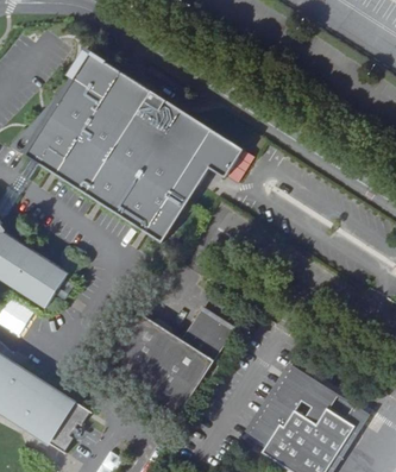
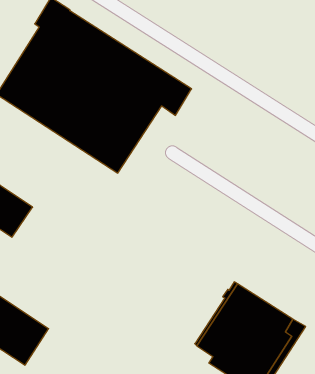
building: [107,309,234,413] -> none

